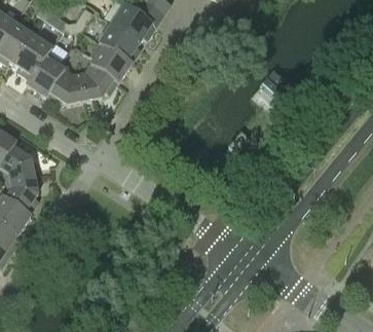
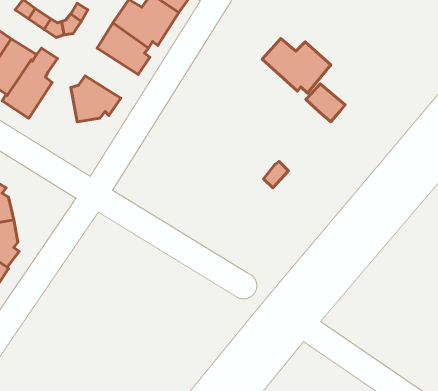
building: none -> [262,38,331,93]
building: [89,40,130,80] -> none
building: [46,67,83,102] -> none

